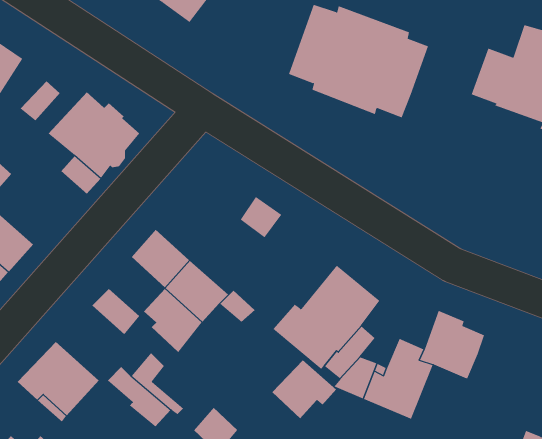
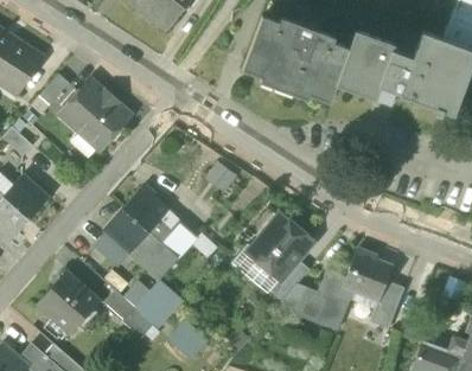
building: none -> [337,31,396,100]
building: none -> [104,209,149,254]
building: none -> [140,281,184,324]
building: none -> [370,282,404,328]
building: [271,359,337,419] -> none

